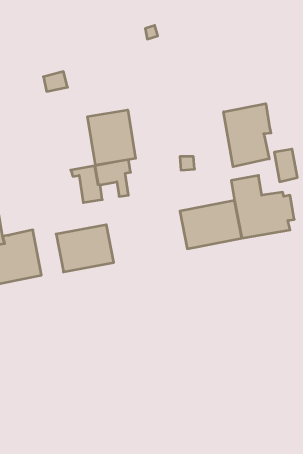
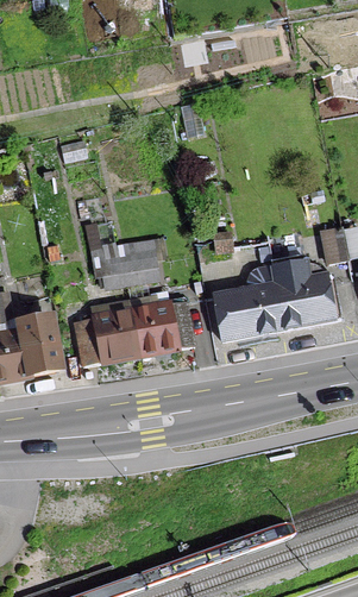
building: [224,104,271,167] -> none
building: [88,110,136,165] -> none
building: none -> [130,296,194,354]

